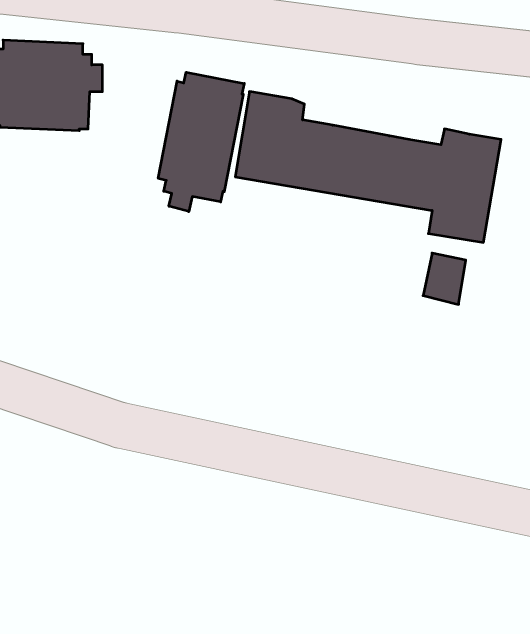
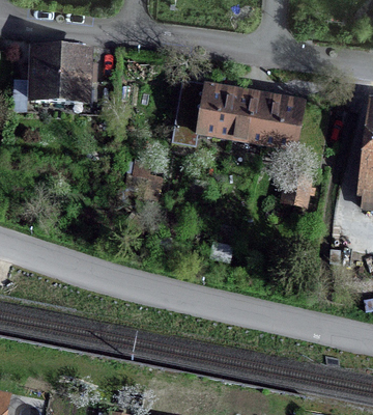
building: [158,72,244,212] -> none

